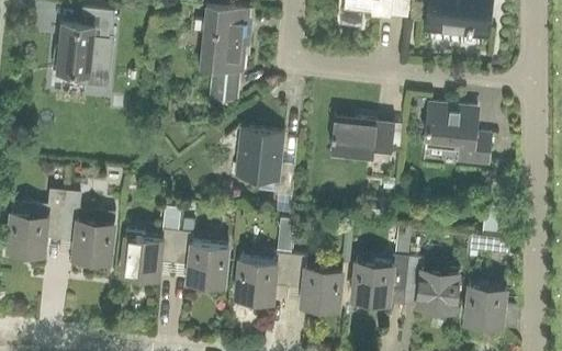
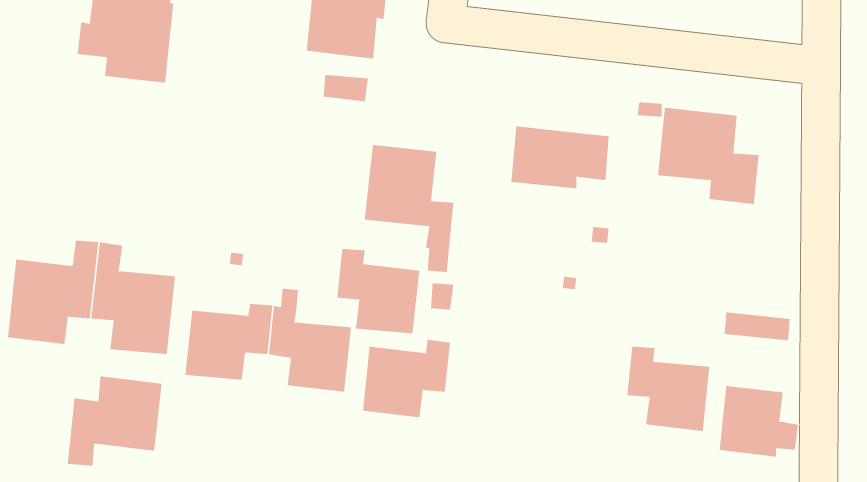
building: [289,256,342,310] -> [336,248,420,334]
building: [351,256,408,305] -> none
building: none -> [67,375,162,467]

